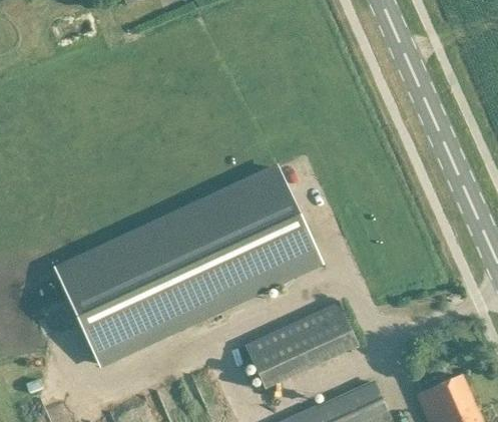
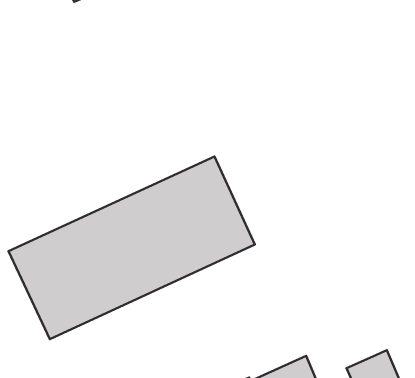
building: [243,302,359,390] -> none

